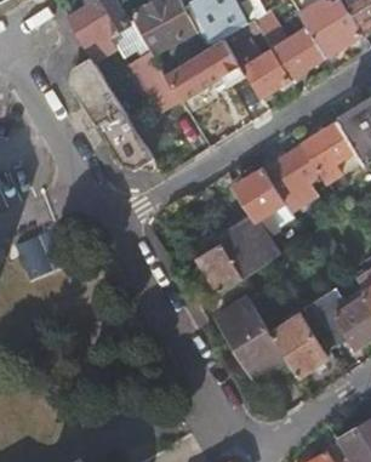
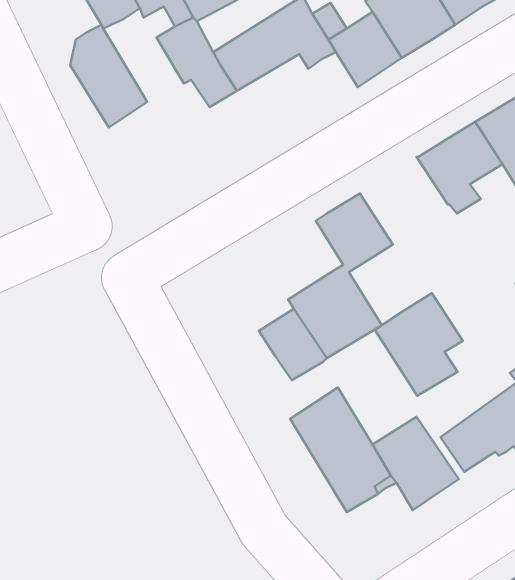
building: [96,107,153,169] -> none
building: [262,143,320,211] -> [375,293,463,396]

